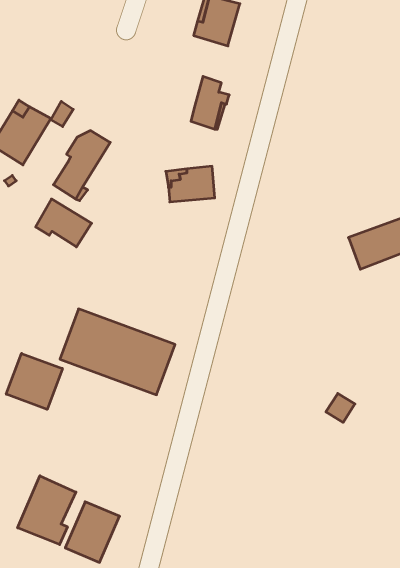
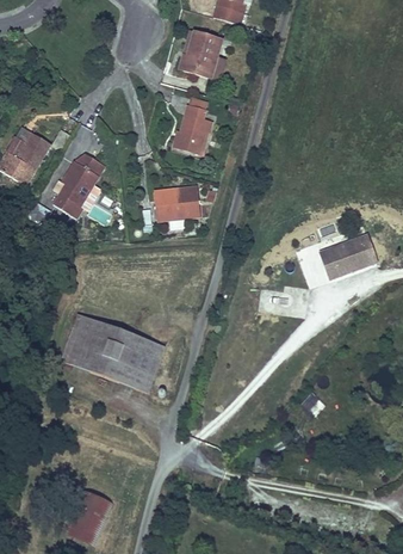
building: [36,199,92,247] -> none
building: [6,353,62,409] -> none
building: [18,476,76,545] -> none

